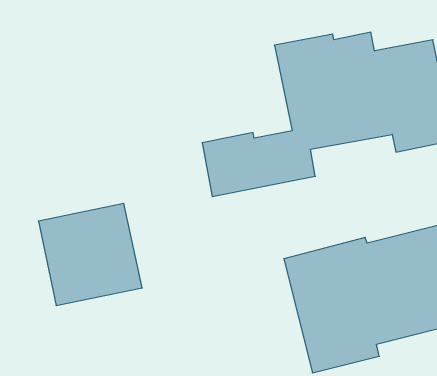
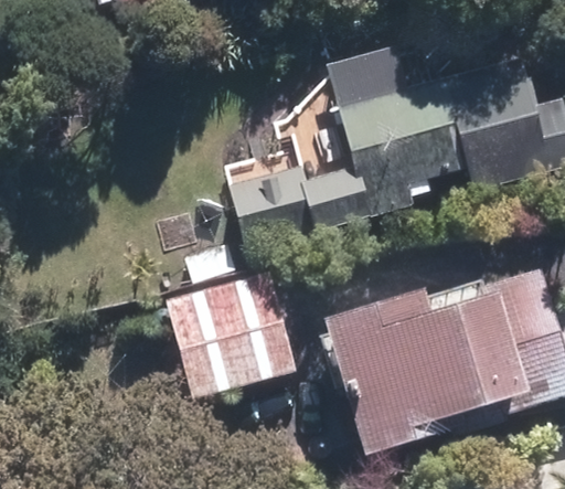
building: [38,203,142,305] -> [169,269,292,391]

